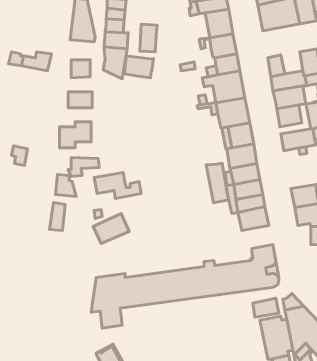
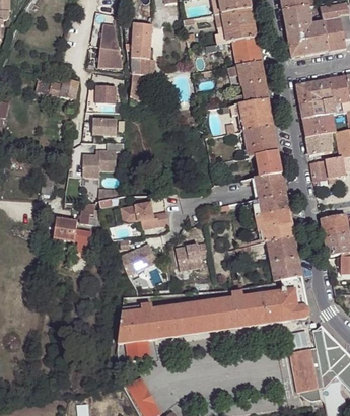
building: [140,24,157,52] -> none
building: none -> [309,78,332,100]
building: [125,56,154,78] -> none
building: [206,163,229,203] -> none
building: none -> [52,218,76,240]
building: none -> [176,241,207,269]
building: none -> [270,255,301,279]

